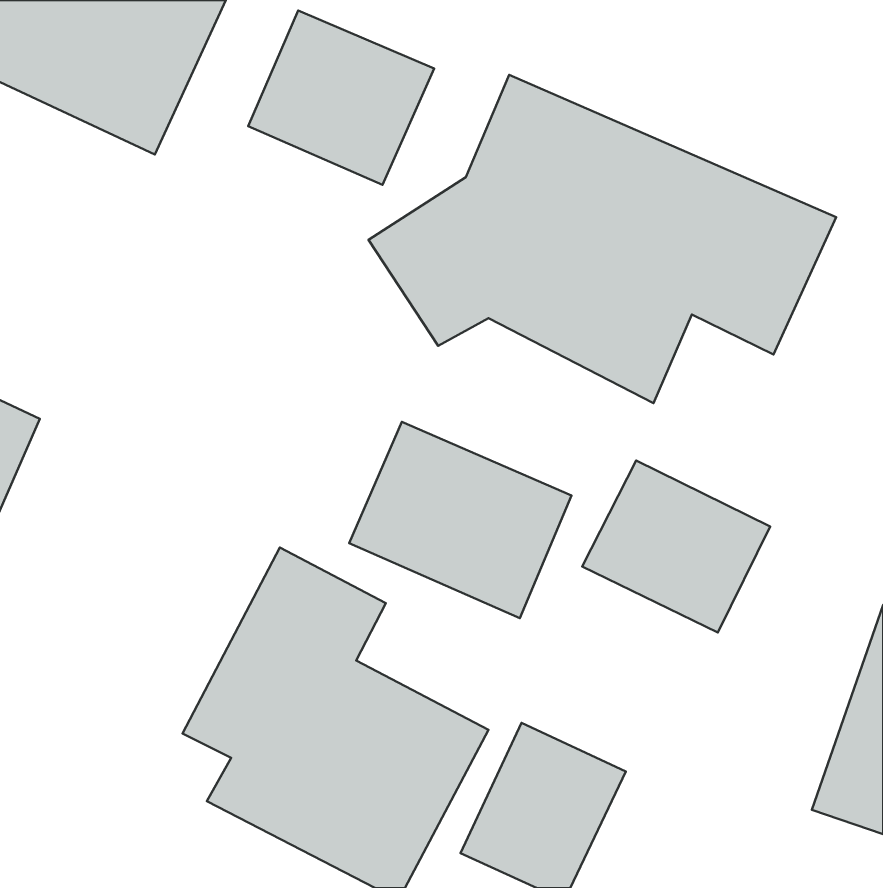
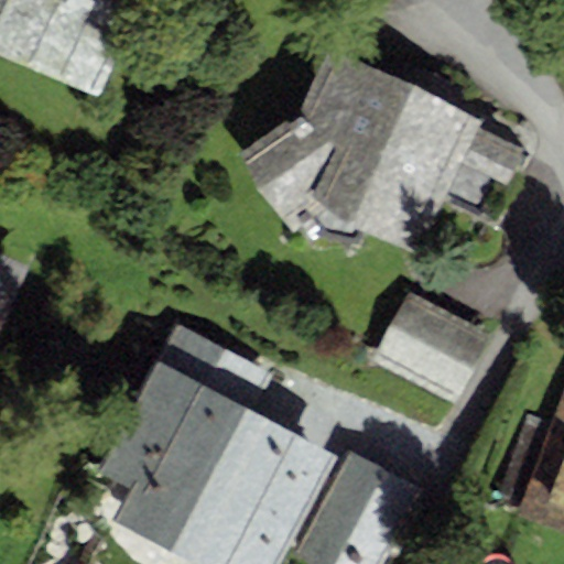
building: [248,11,434,185] -> none
building: [349,422,571,618] -> none

